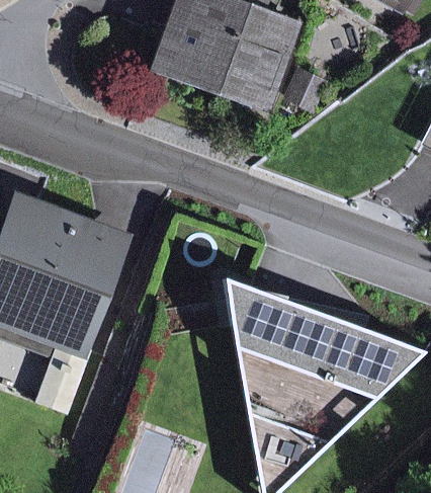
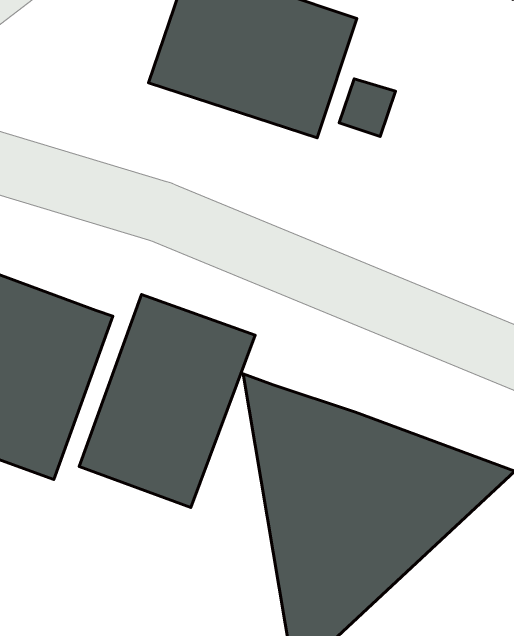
building: none -> [79,294,255,507]

